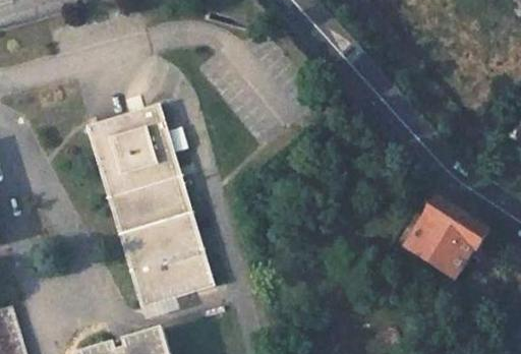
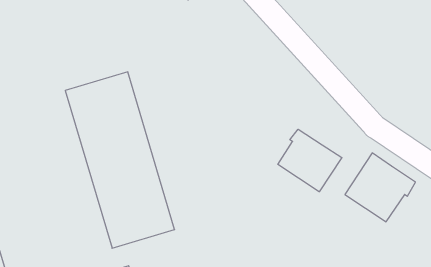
building: none -> [278,129,342,192]

